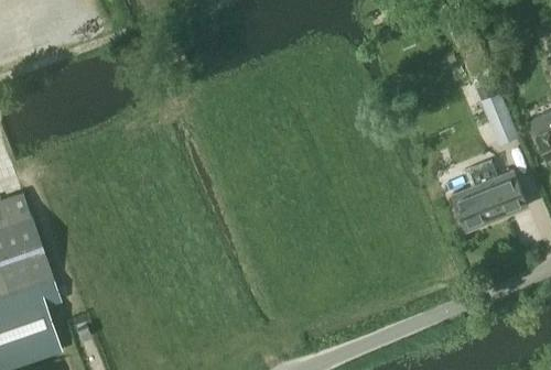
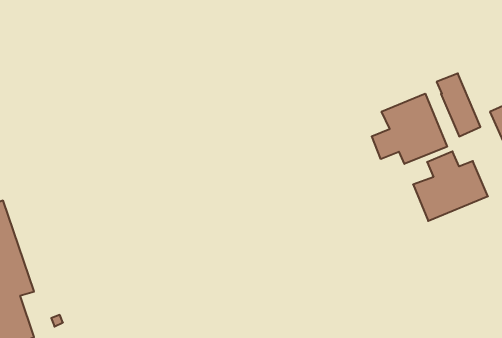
building: none -> [372,94,447,164]

